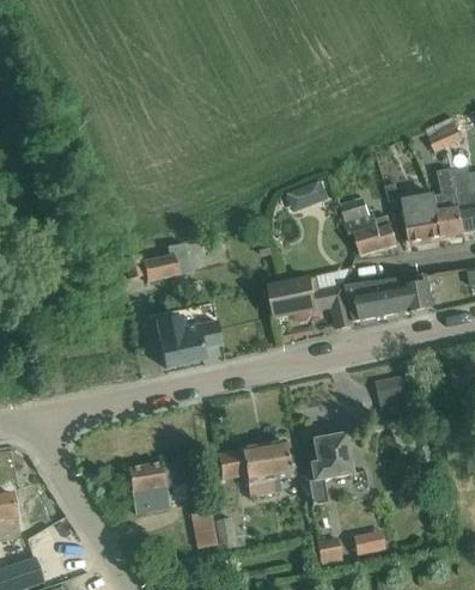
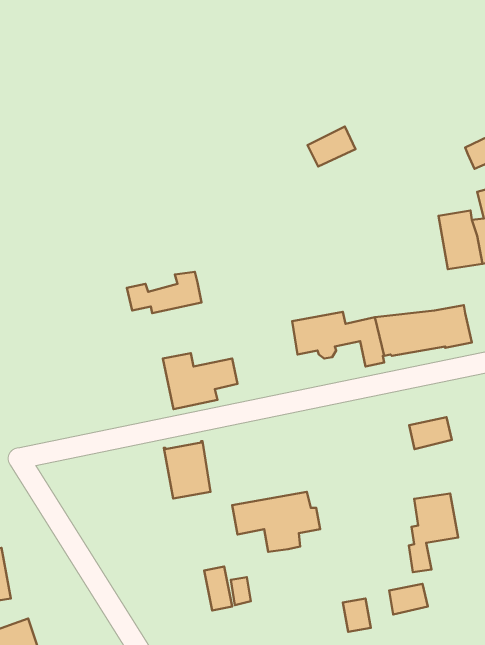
building: [291,172,334,208] -> [307,126,355,166]
building: [340,197,397,255] -> none
building: [307,434,352,505] -> [409,494,458,572]
building: [126,462,168,513] -> [164,441,210,499]

